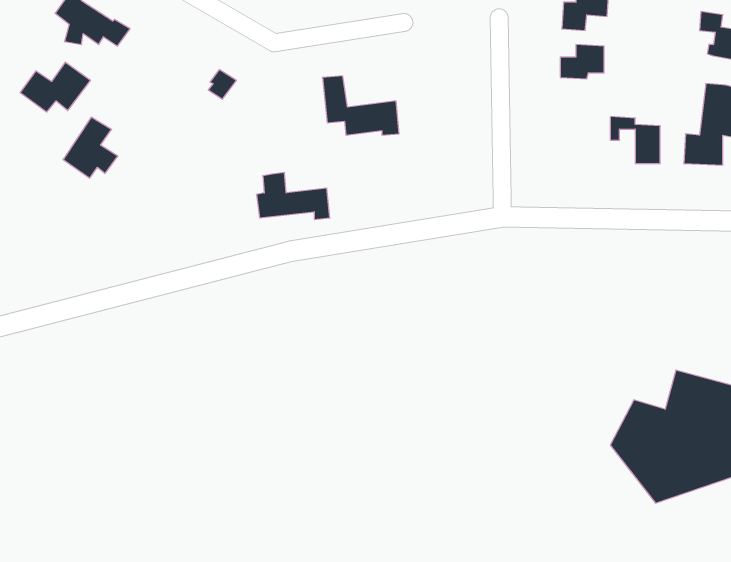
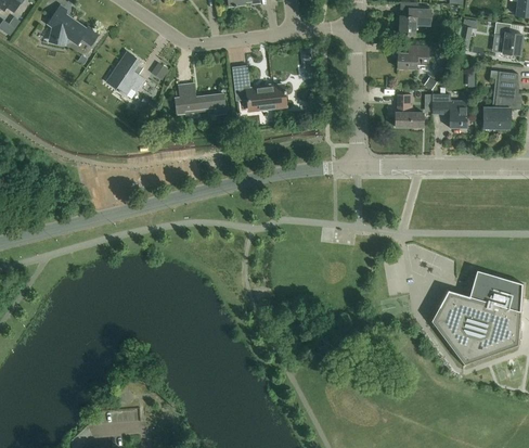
building: [20,62,90,112] -> none
building: none -> [395,95,423,128]
building: [63,117,118,178] -> [106,53,144,95]
building: [256,173,330,220] -> [173,84,224,116]

